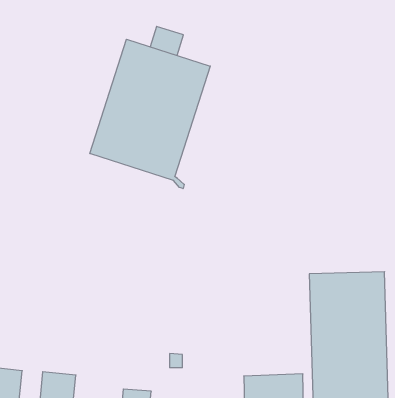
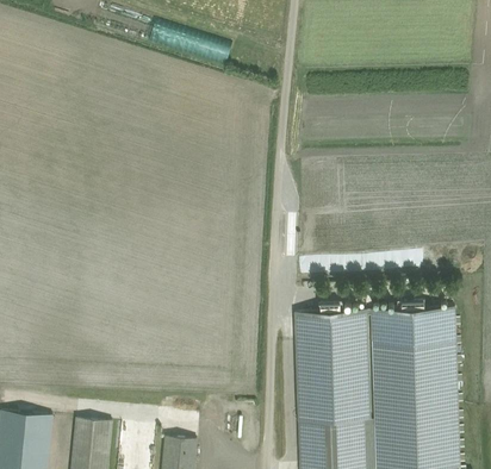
building: [90,39,210,189] -> none
building: none -> [293,304,368,424]

